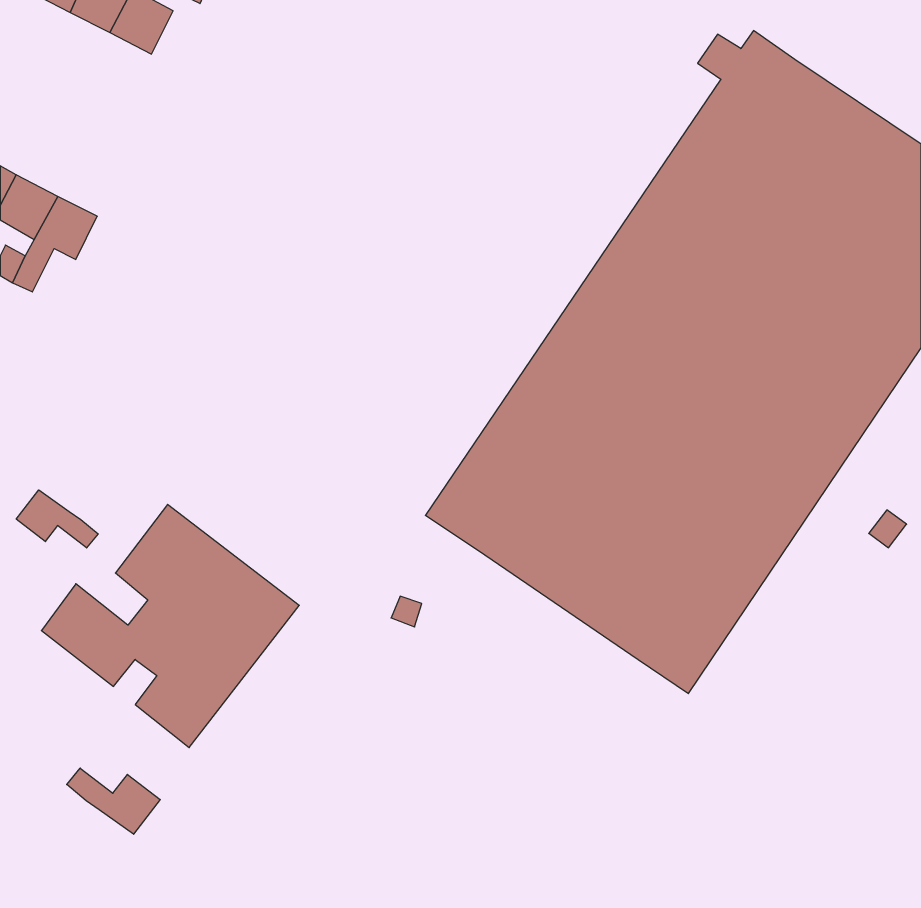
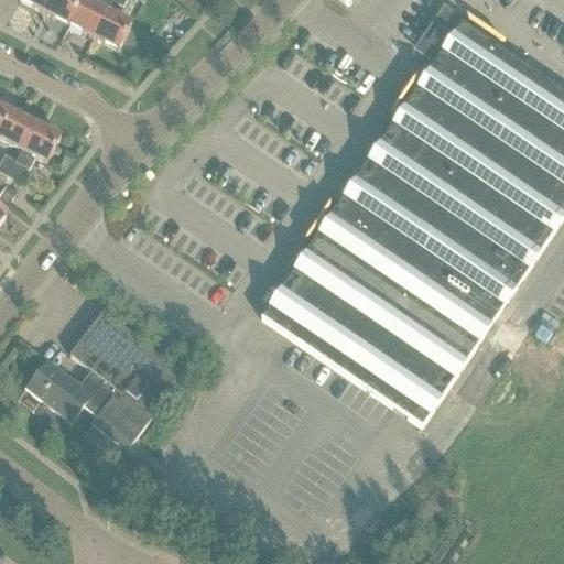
building: none -> [93,7,131,45]
building: [16,490,98,548] -> none
building: [67,768,160,834] -> none

